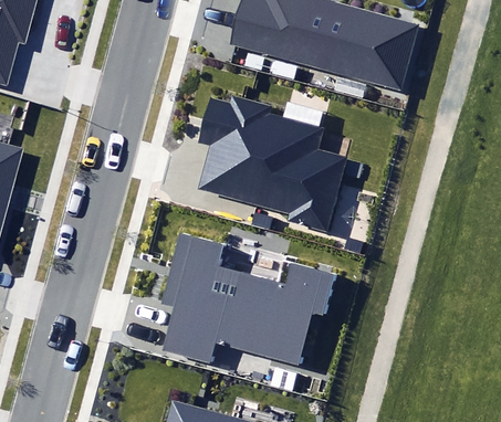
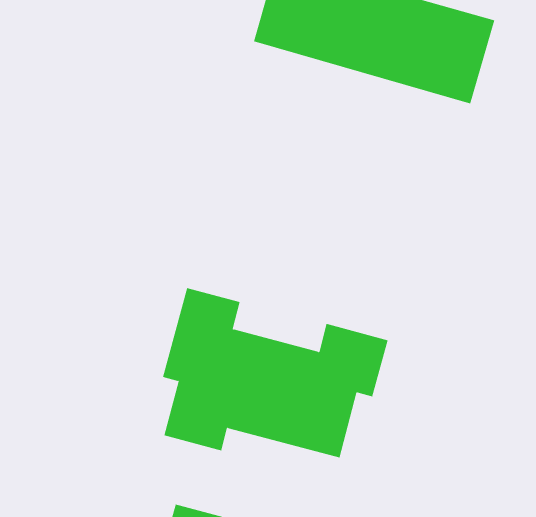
building: [195,95,345,230] -> none

